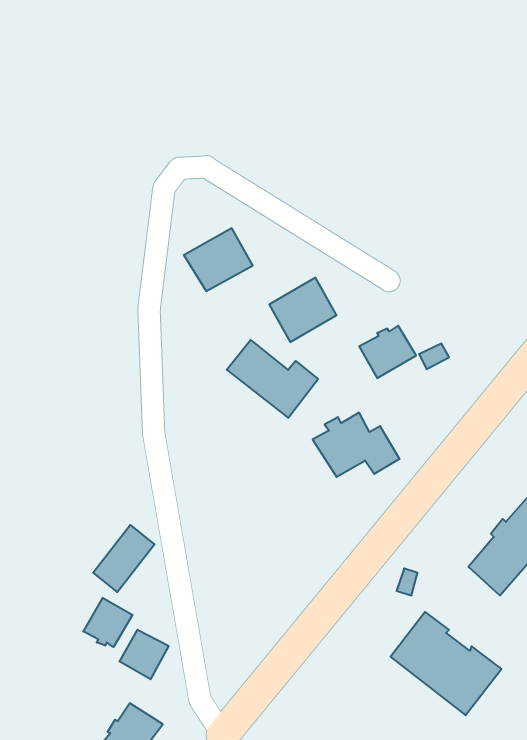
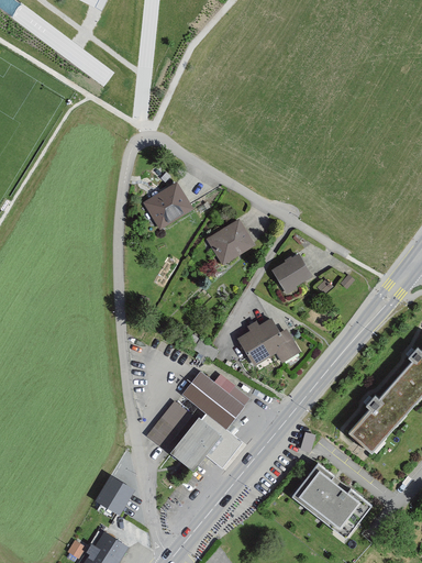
building: [227,340,318,418] -> [181,371,248,428]
building: [93,525,155,592] -> [145,400,190,450]
building: none -> [169,415,222,471]
building: [83,598,132,647] -> none

